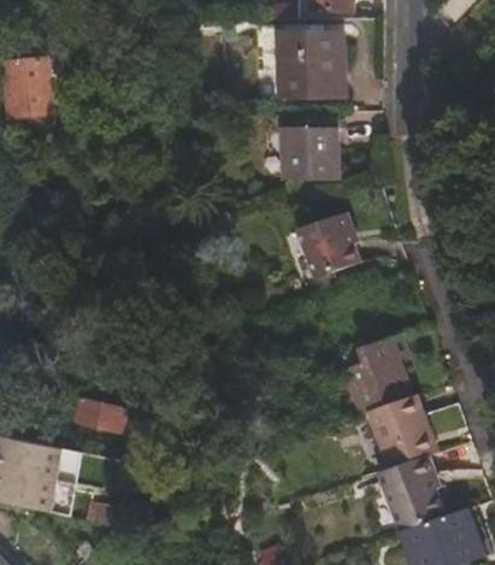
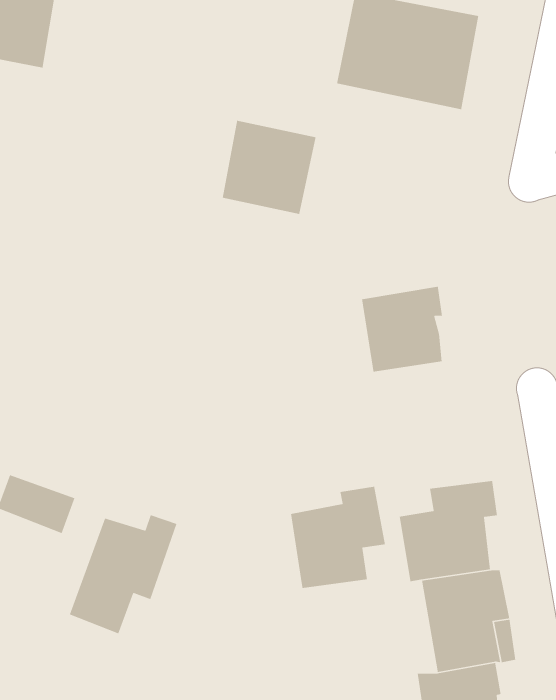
building: [278,126,334,182] -> [222,120,316,215]
building: none -> [290,486,386,589]
building: none -> [69,514,177,634]

